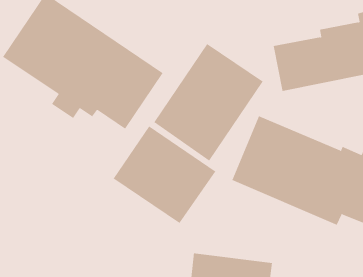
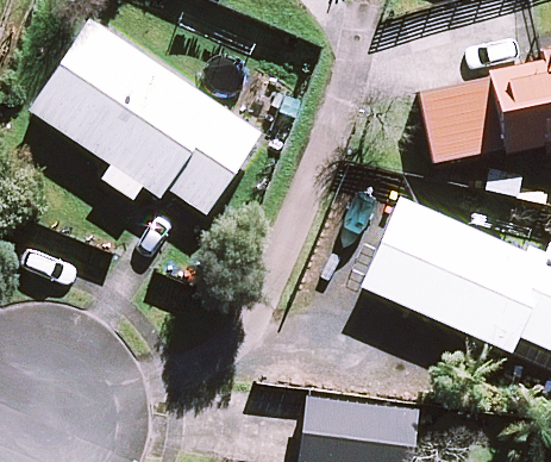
building: [154,43,263,161] -> none
building: [113,126,216,224] -> none

